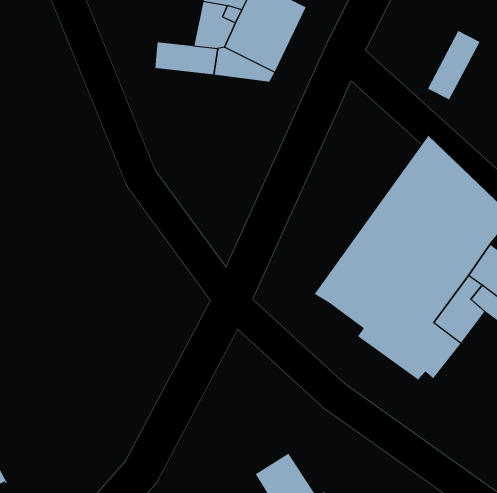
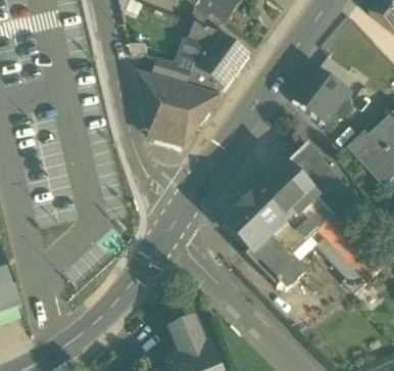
building: none -> [292,65,337,112]
building: none -> [137,71,216,146]

